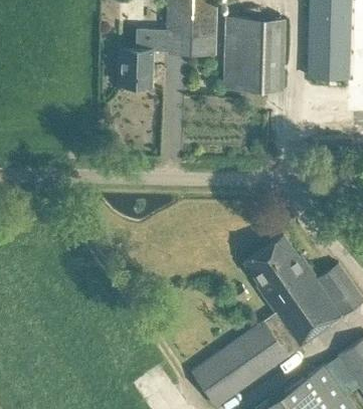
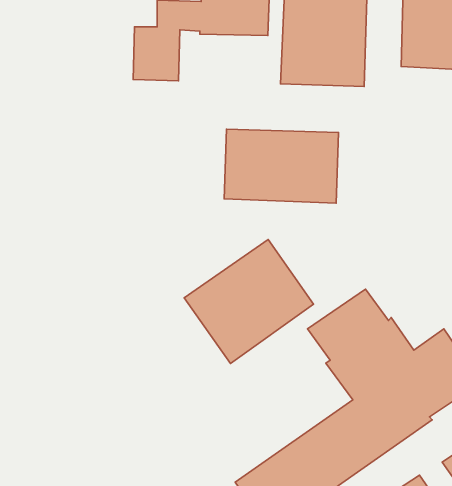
building: none -> [224,129,339,203]
building: none -> [184,240,313,363]

